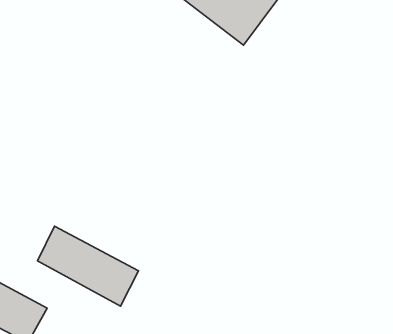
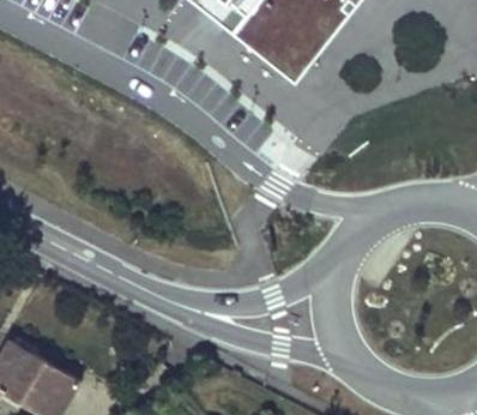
building: [37,226,139,306] -> none

